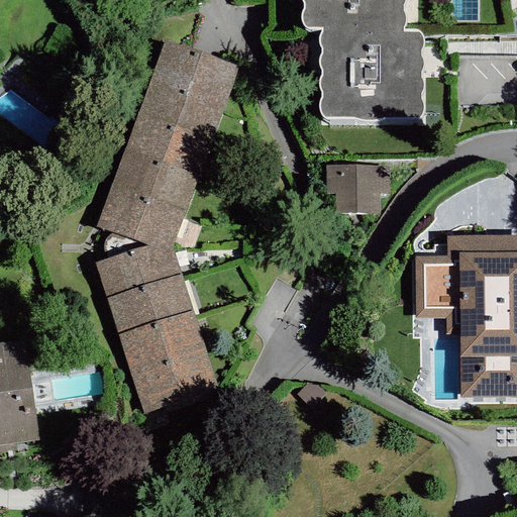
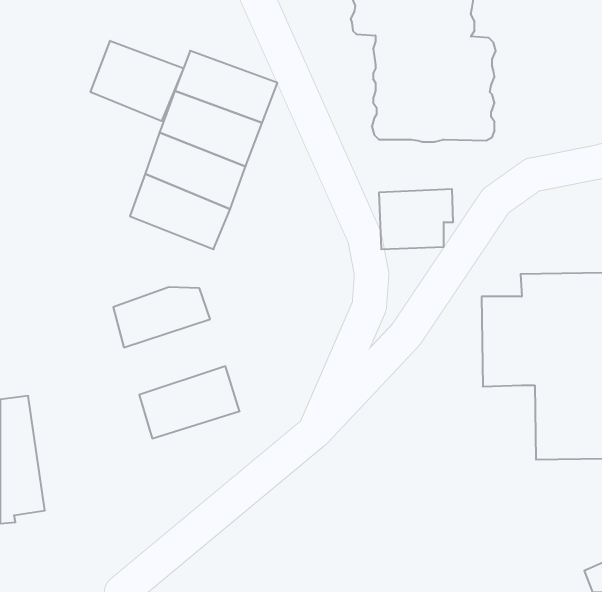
building: none -> [91,41,183,121]
building: [95,185,184,246] -> none
building: [107,273,194,337] -> none
building: [131,351,219,414] -> none

